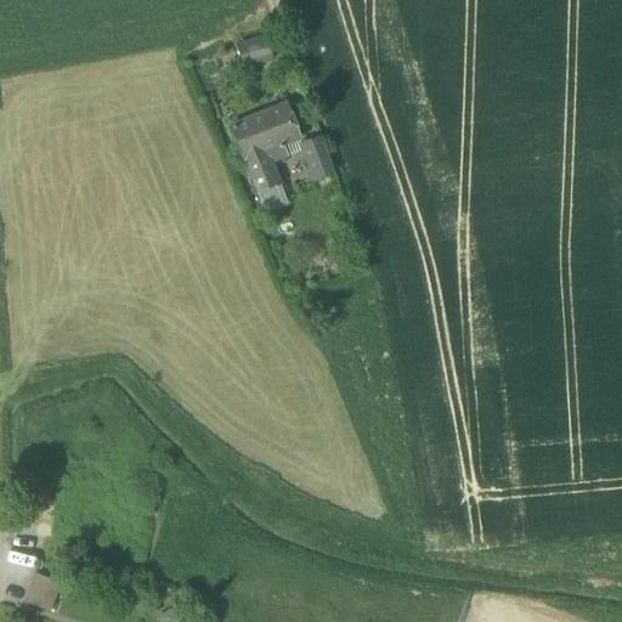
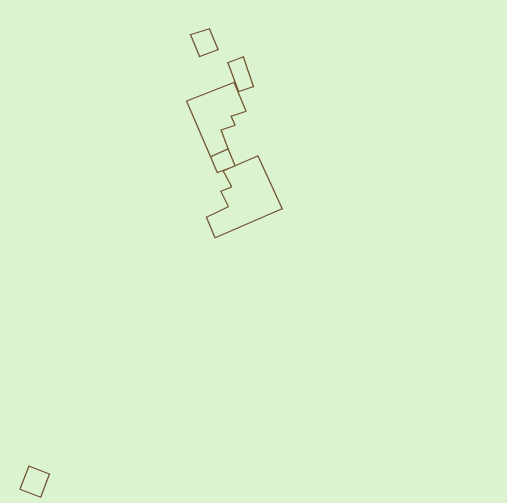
building: [301,135,333,177] -> [228,57,254,92]
building: none -> [207,156,282,238]

